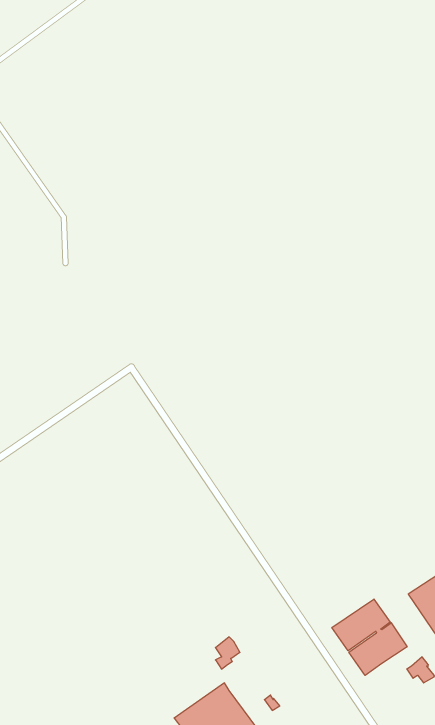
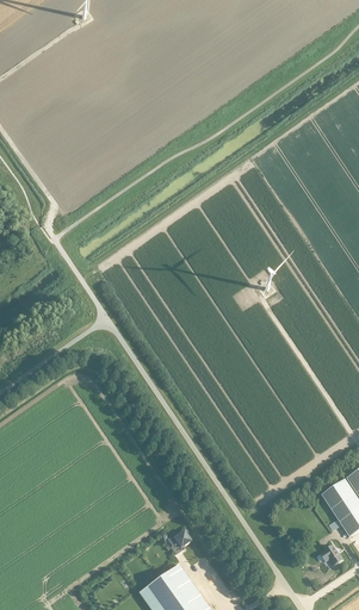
building: [332,599,407,675] -> none

